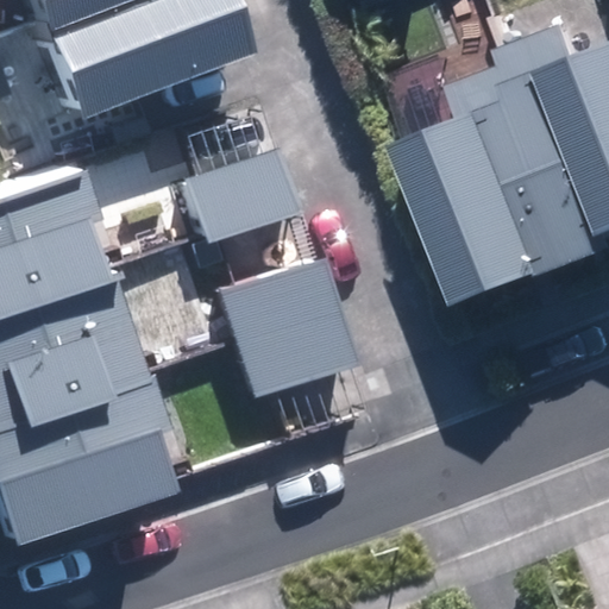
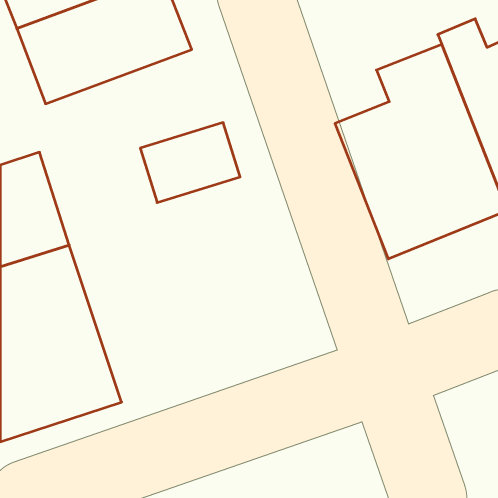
building: [211,253,352,396] -> none

